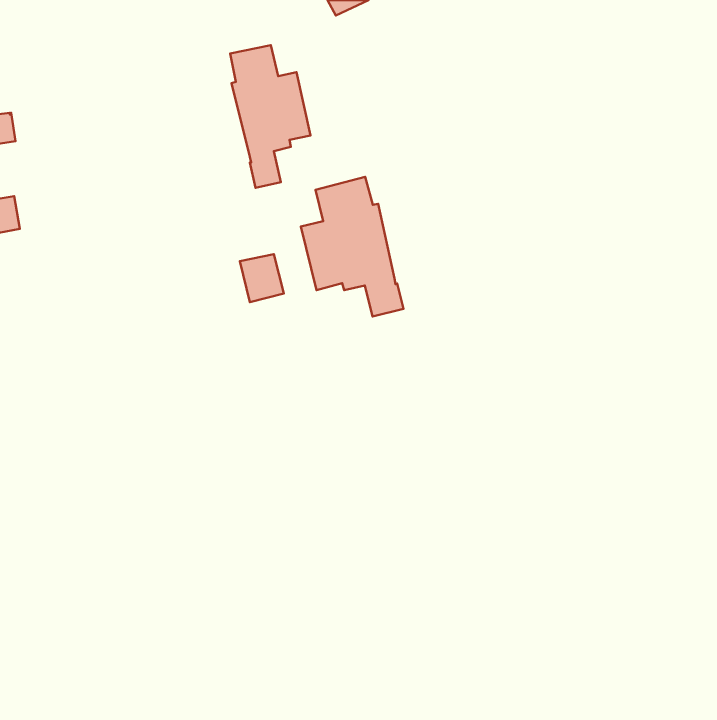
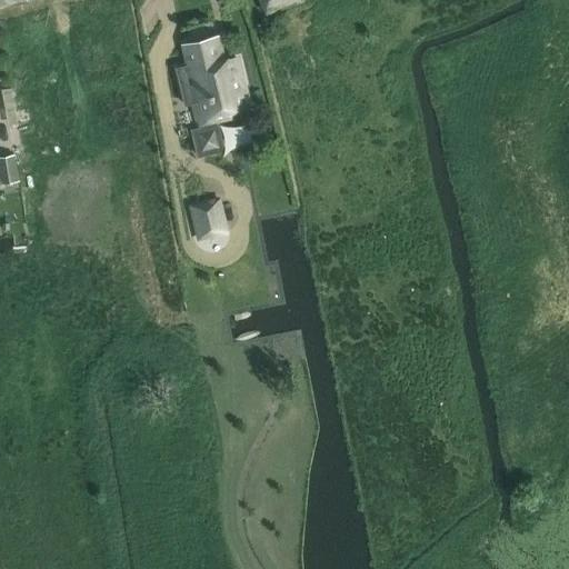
building: [301,177,403,317] -> none

